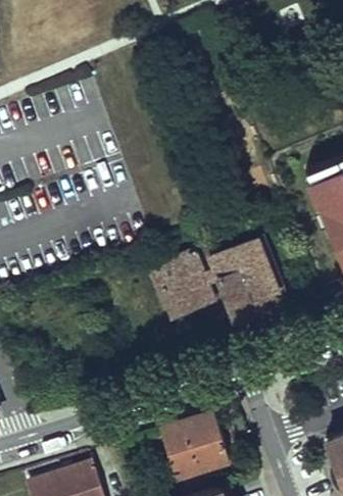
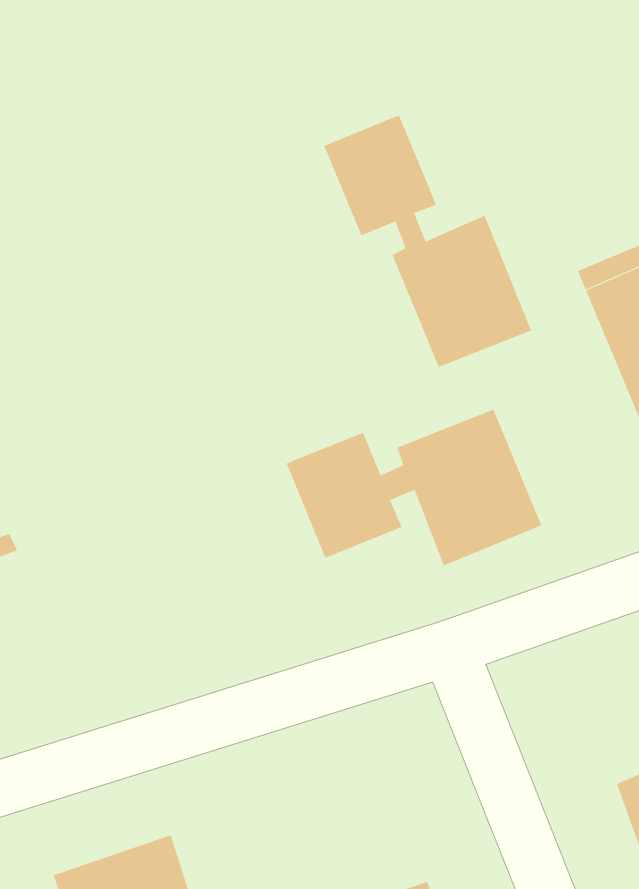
building: none -> [324,115,532,368]
building: [161,415,230,482] -> none

